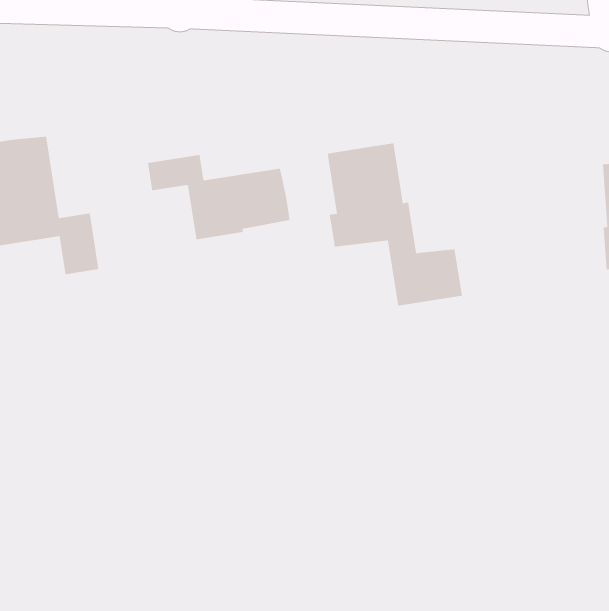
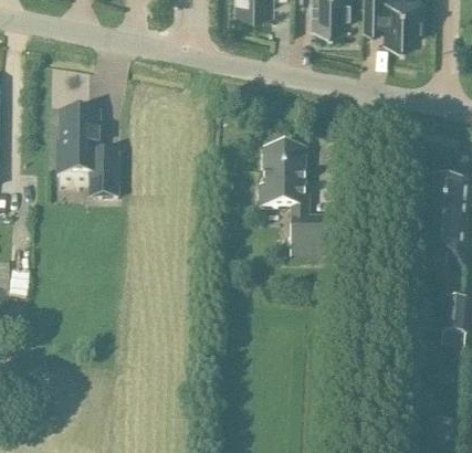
building: [147,154,290,240] -> none

